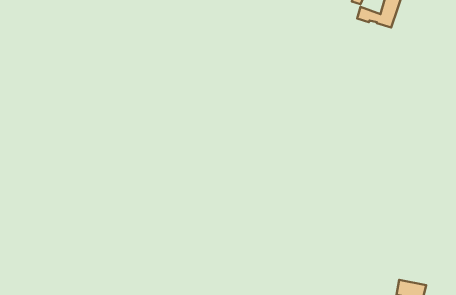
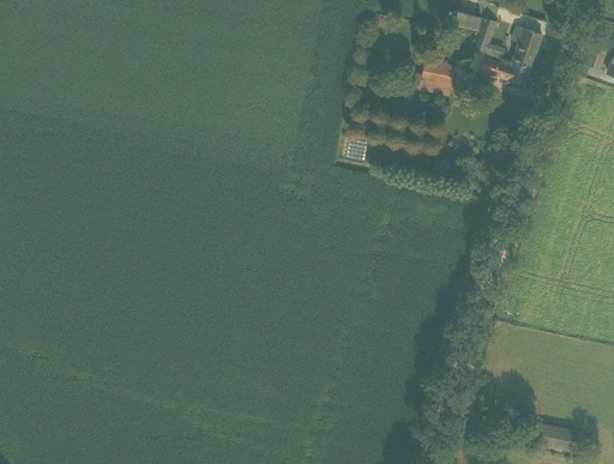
building: none -> [417,59,453,95]

